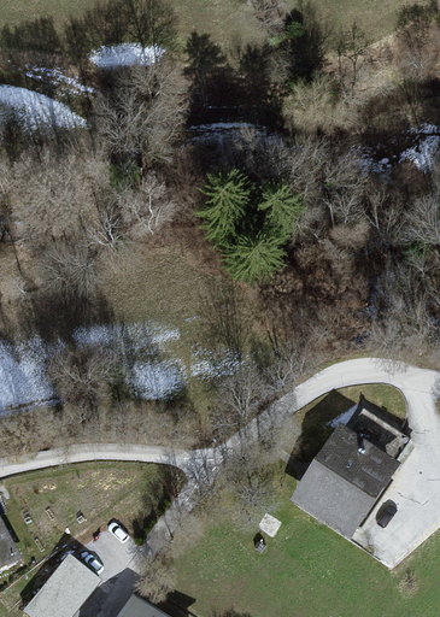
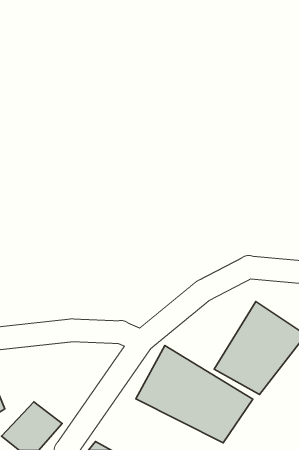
building: none -> [136,345,253,443]

